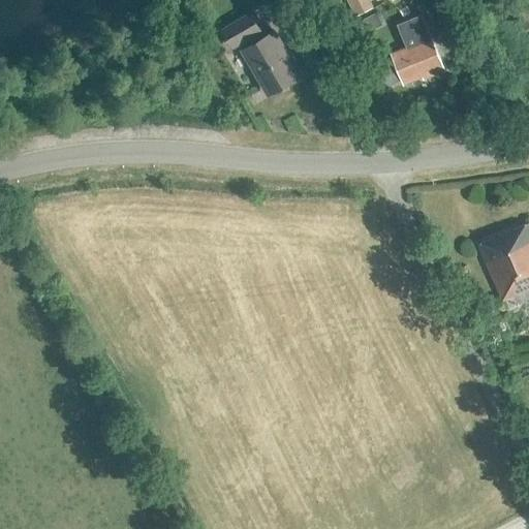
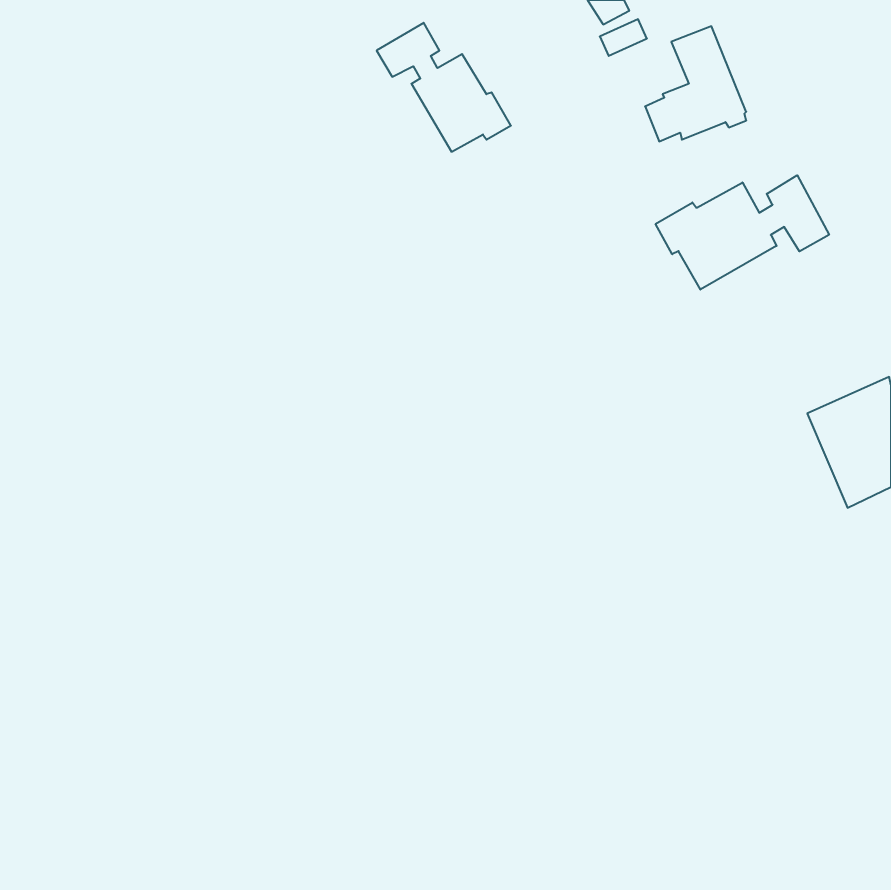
building: none -> [656,175,829,290]

